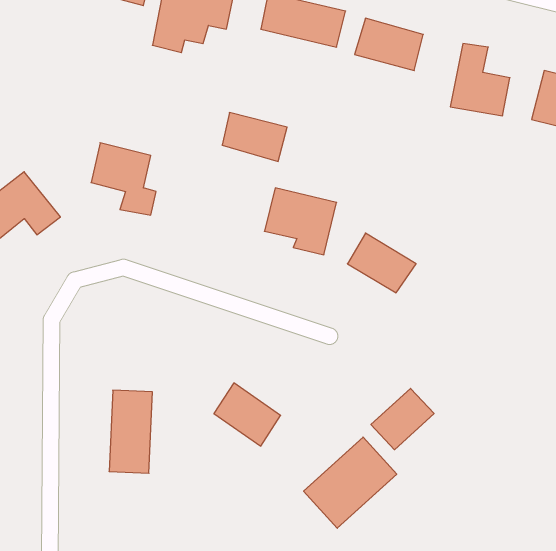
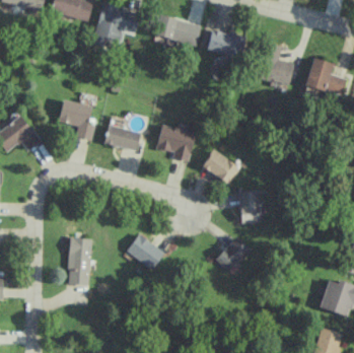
building: [222,113,287,161] -> [103,125,140,152]
building: none -> [239,191,261,223]
building: [304,437,397,528] -> none

